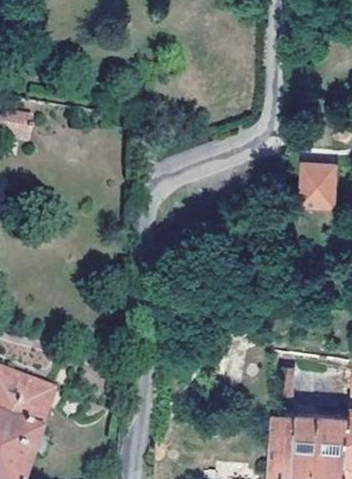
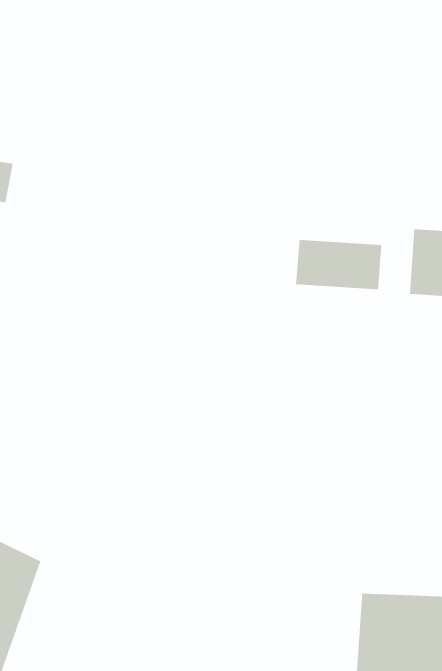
building: none -> [296,239,382,290]

